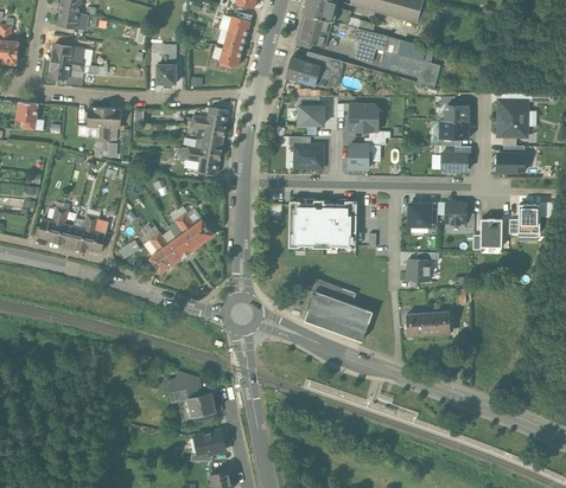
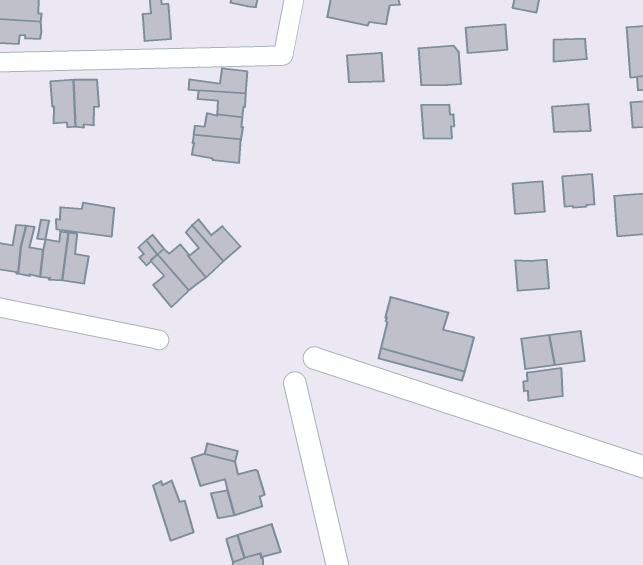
building: [439,121,468,139] -> [466,25,507,53]
building: [293,145,323,168] -> none
building: none -> [56,203,114,237]
building: [288,200,355,249] -> none
building: none -> [524,368,563,401]
building: none -> [153,480,194,541]

